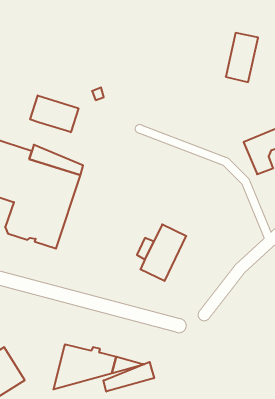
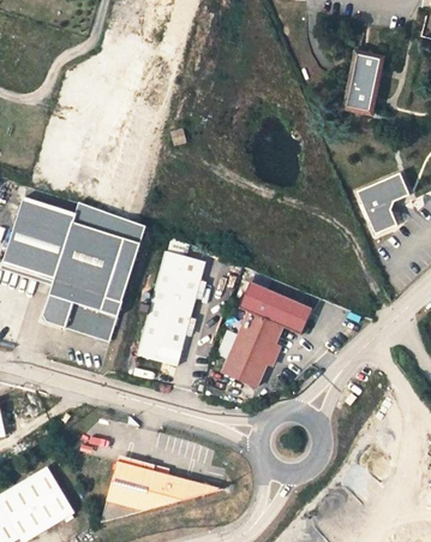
building: [30,95,78,132] -> none
building: none -> [136,246,204,362]
building: none -> [241,275,313,330]
building: [103,362,154,392] -> none

